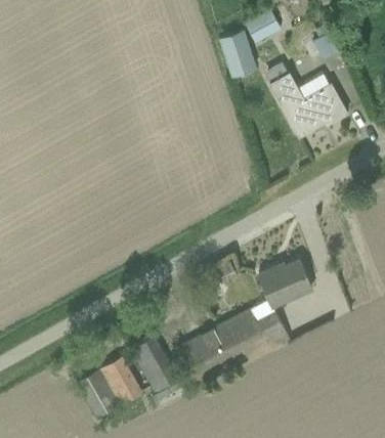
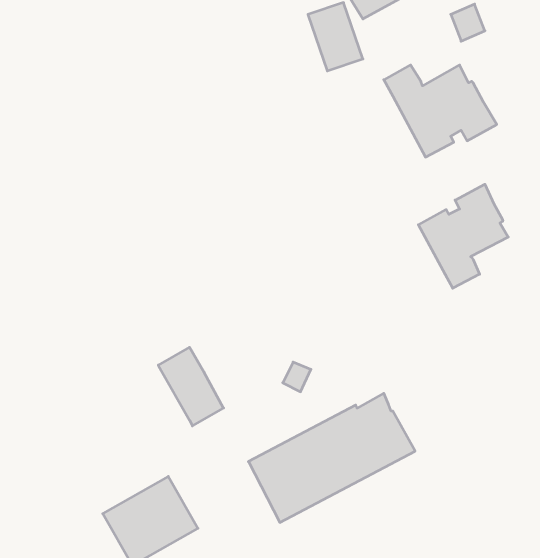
building: none -> [418,184,508,288]
building: [259,261,312,306] -> none
building: [132,336,177,390] -> [158,347,224,426]

